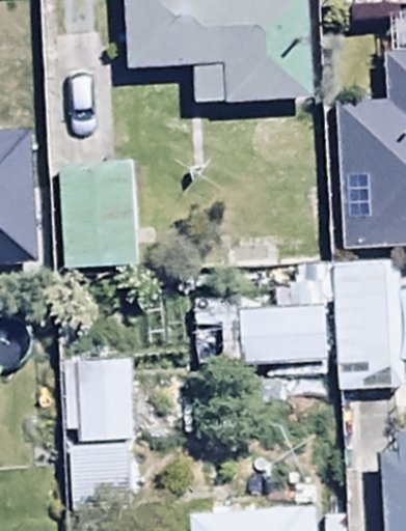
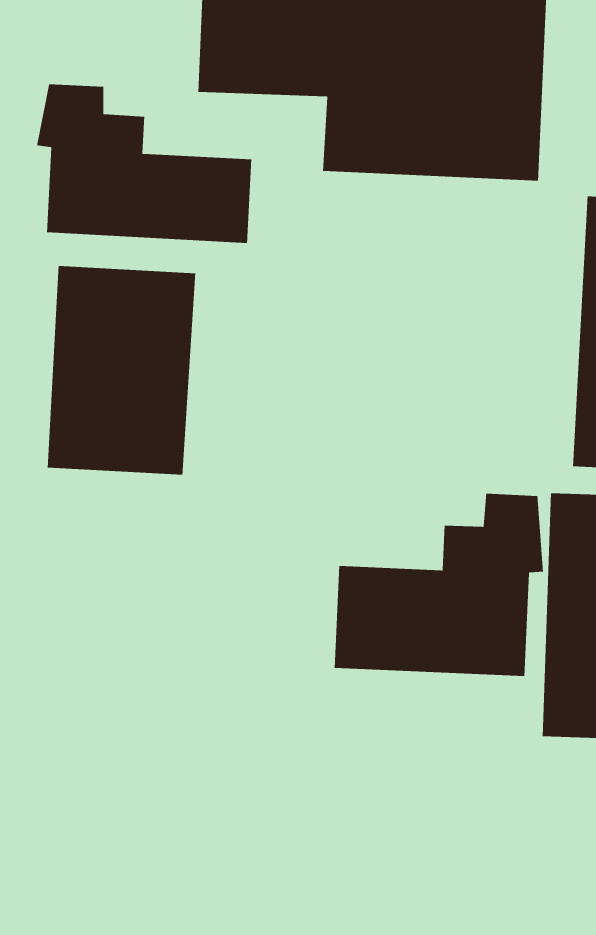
building: none -> [36,83,252,244]
building: [59,361,136,497] -> none

